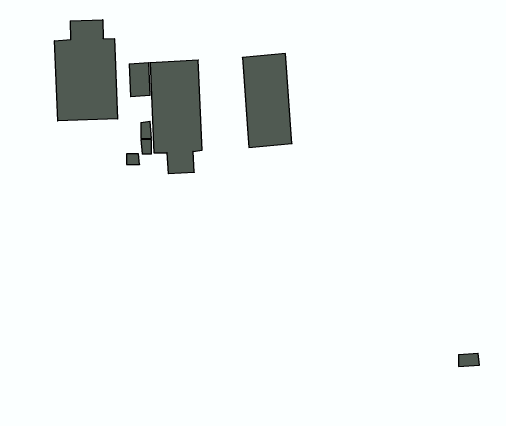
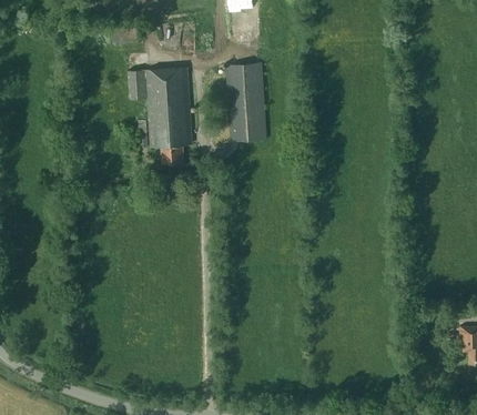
building: [55,20,118,121] -> none

